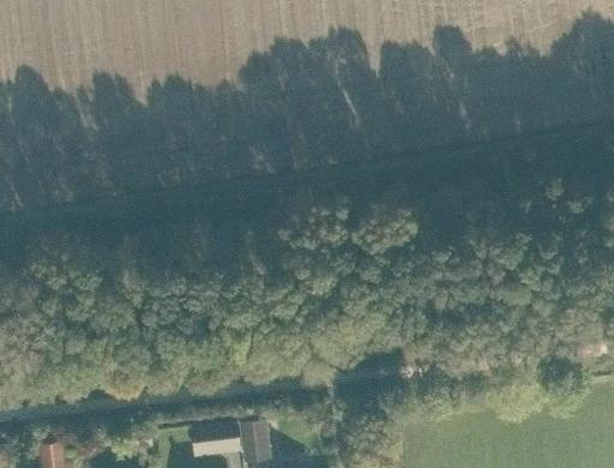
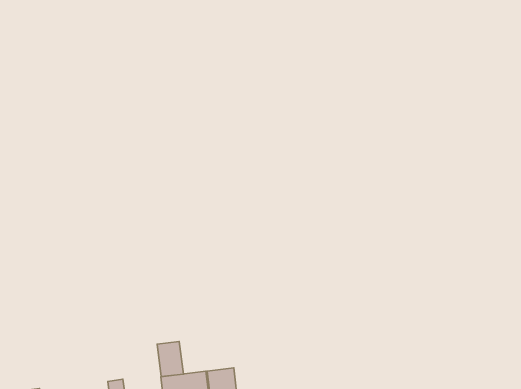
building: none -> [157,342,183,377]

